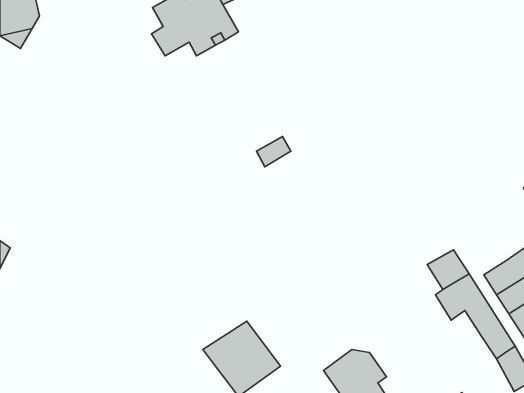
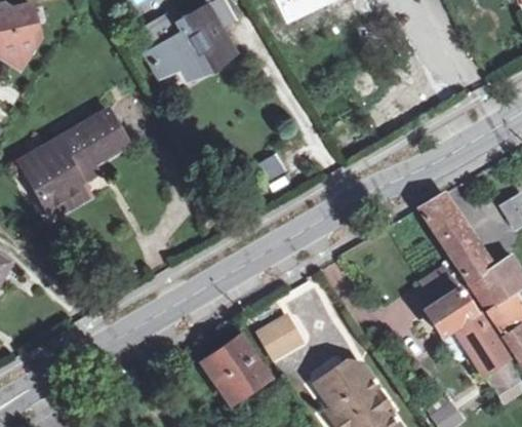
building: none -> [25,110,128,209]
building: none -> [420,196,496,289]
building: none -> [258,317,303,360]

